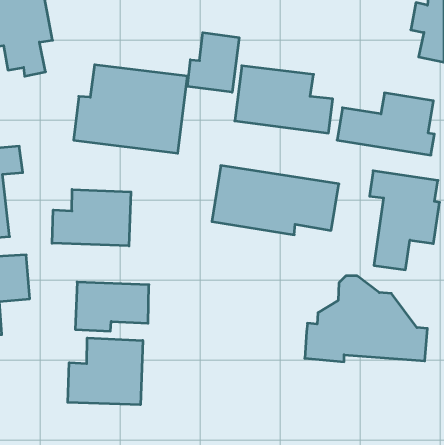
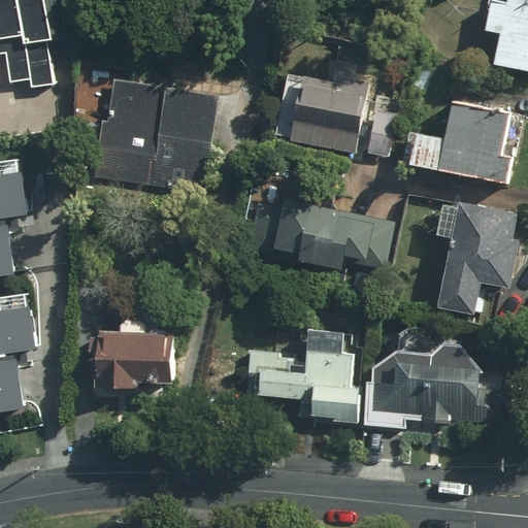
building: [187,33,239,92] -> none
building: [52,189,131,246] -> none
building: none -> [242,330,361,422]
building: [68,338,143,405] -> none

